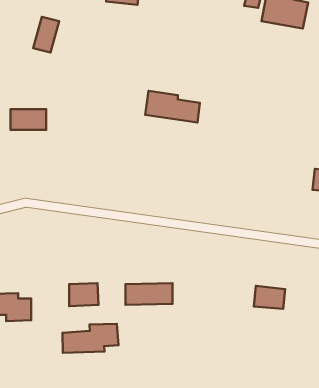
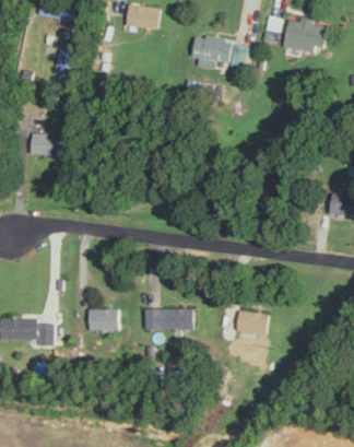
building: [145,91,200,122] -> [192,34,247,66]
building: [254,286,285,309] -> [236,310,268,333]
building: [63,324,118,353] -> none

